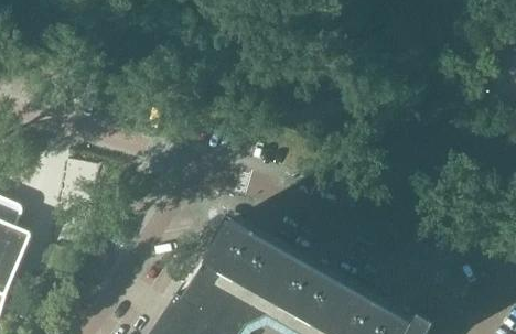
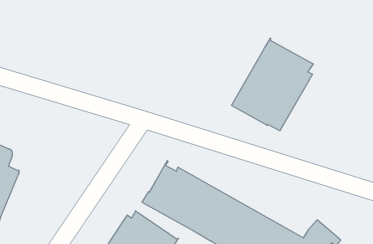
building: none -> [232,38,313,131]
building: [186,277,266,327] -> none

